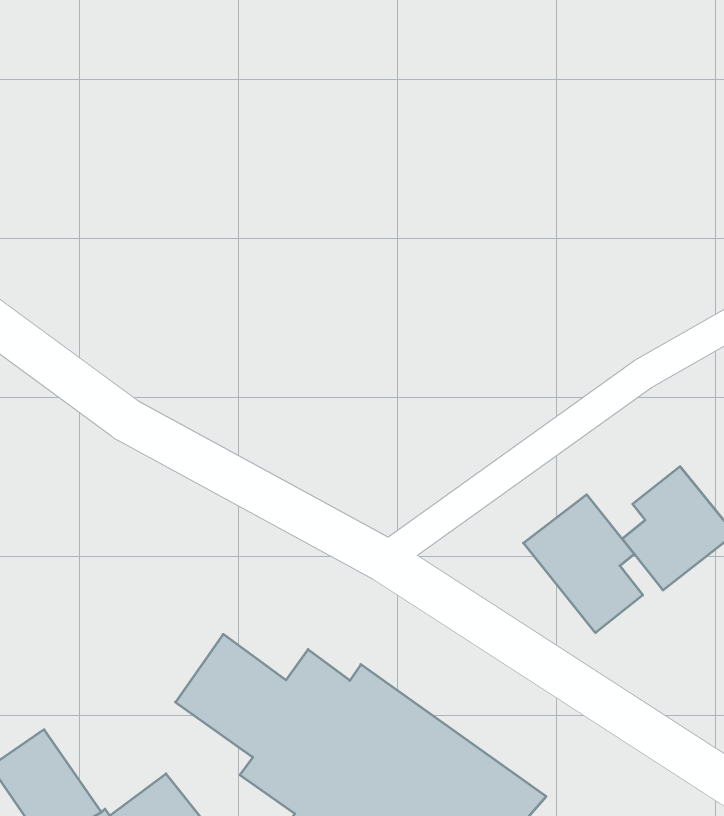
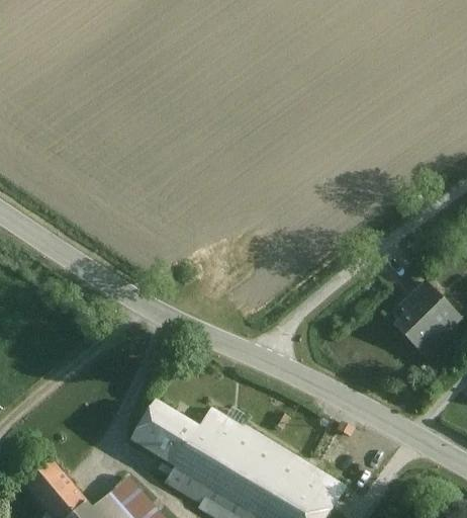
building: [523,495,643,633] -> none

